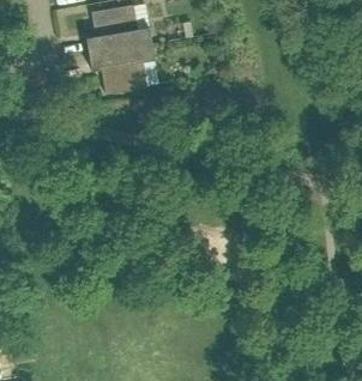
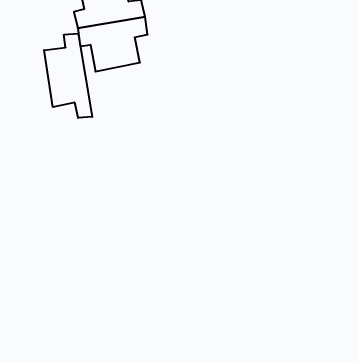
building: none -> [44,33,92,118]

